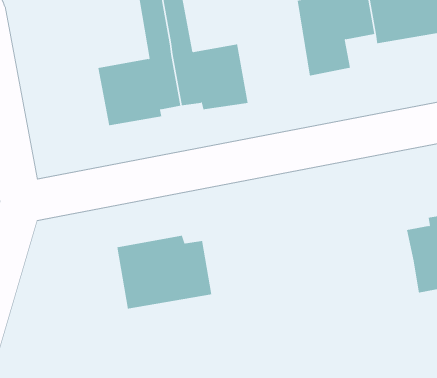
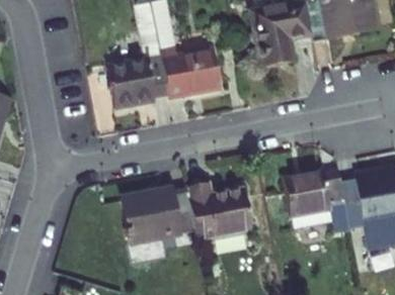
building: none -> [281,171,342,215]
building: none -> [183,181,248,240]

